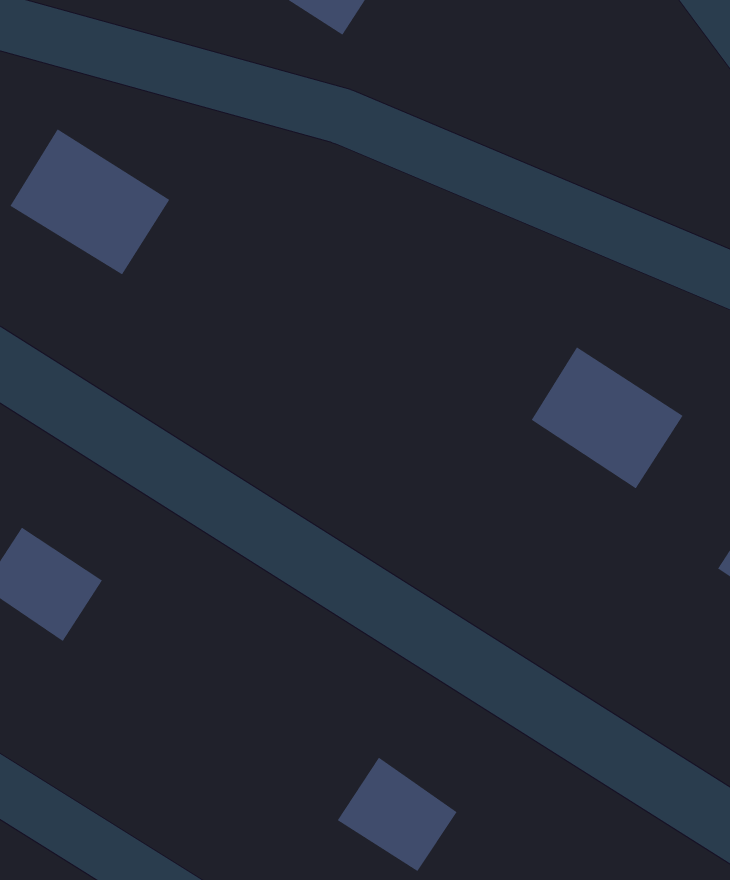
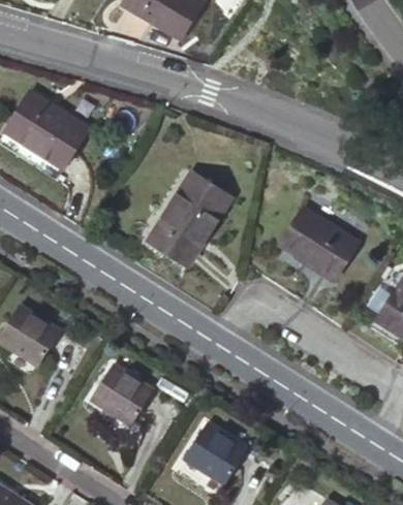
building: none -> [151,177,234,269]
building: none -> [84,358,147,418]

